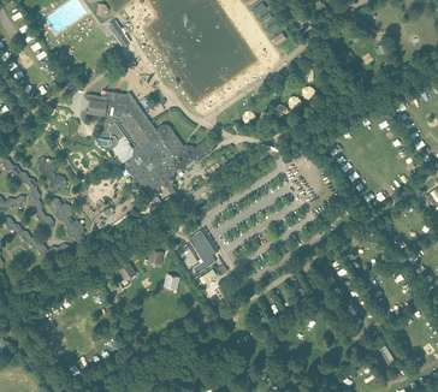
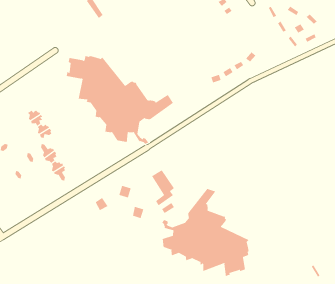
building: none -> [162,188,249,277]

